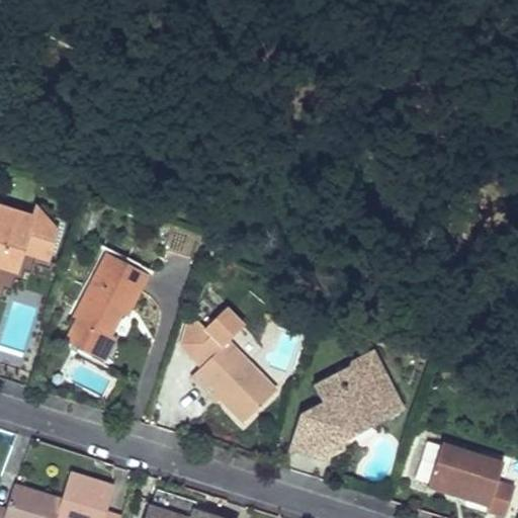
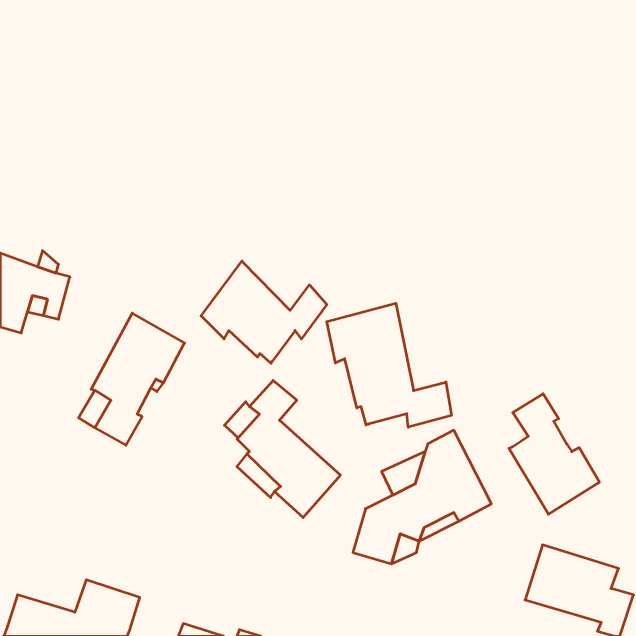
building: none -> [201,261,327,363]
building: none -> [327,303,451,427]
building: none -> [509,394,599,514]

